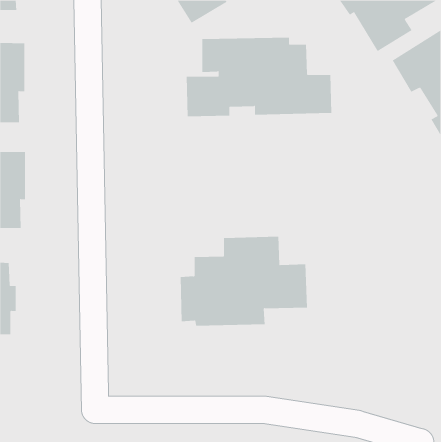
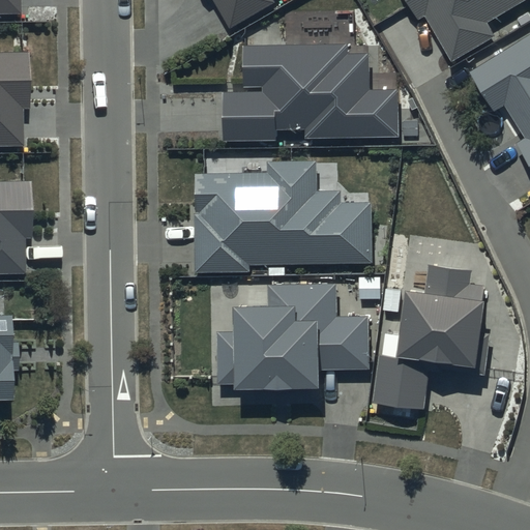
building: none -> [193,160,371,272]
building: none -> [374,265,489,407]

